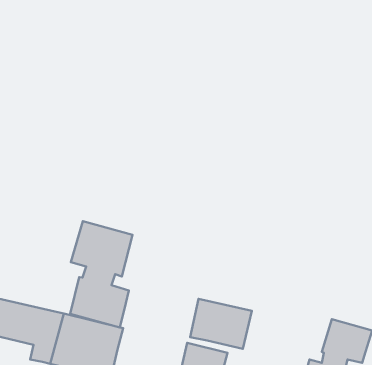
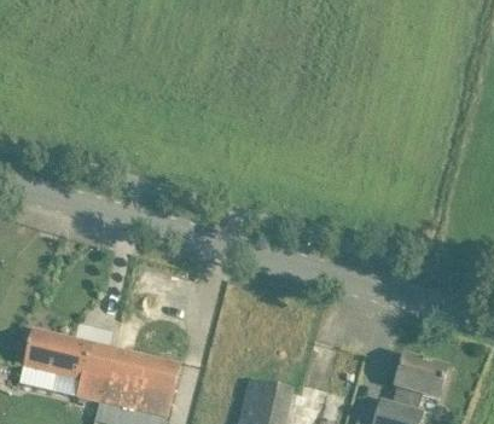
building: [70,221,132,327] -> none
building: [190,299,252,349] -> none

